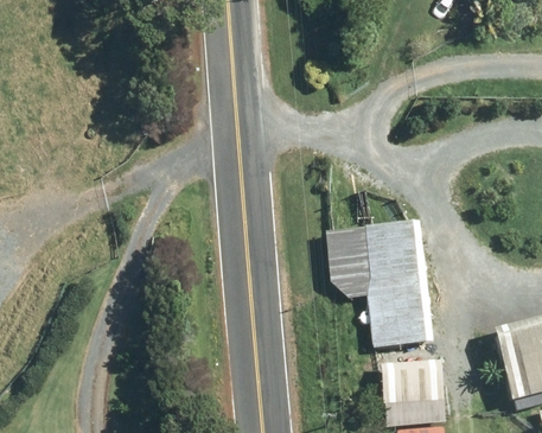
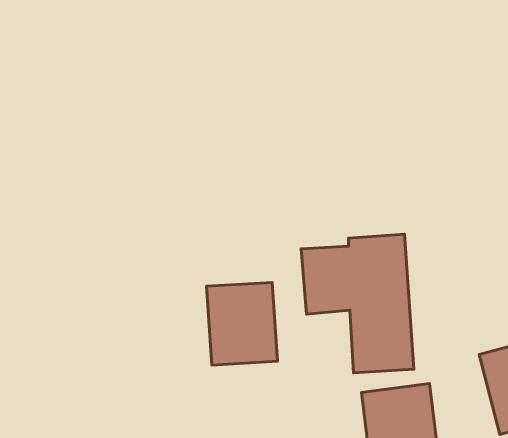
building: none -> [206,282,277,365]

